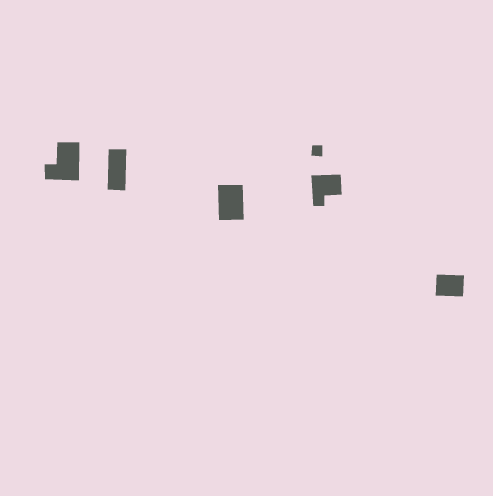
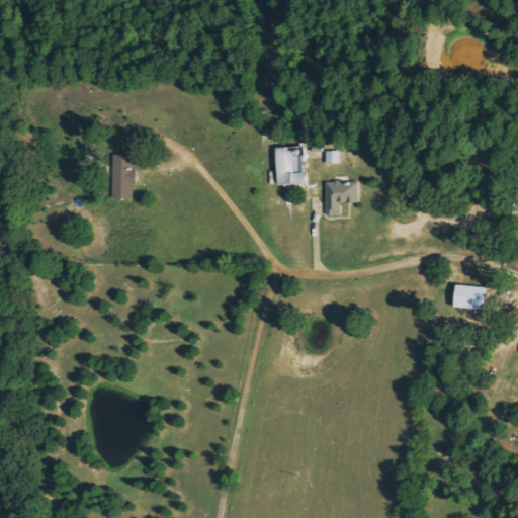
building: [44,141,80,181] -> none
building: [217,184,244,221] -> [275,147,304,185]

